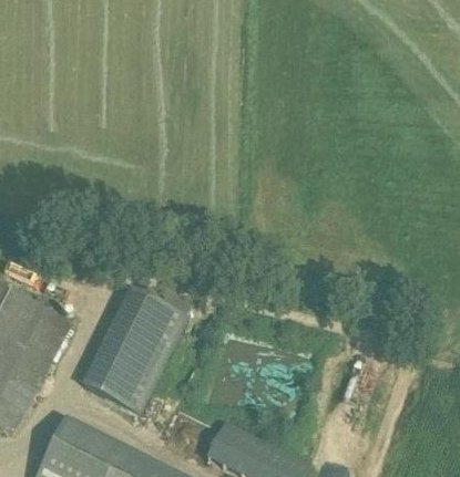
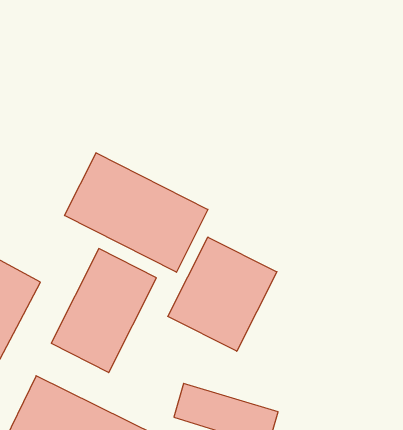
building: none -> [65,153,208,272]
building: none -> [168,237,277,351]

